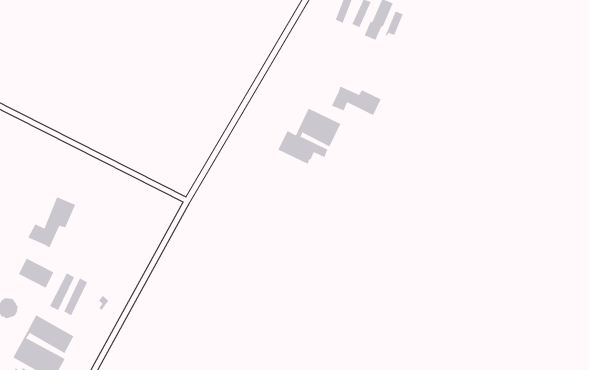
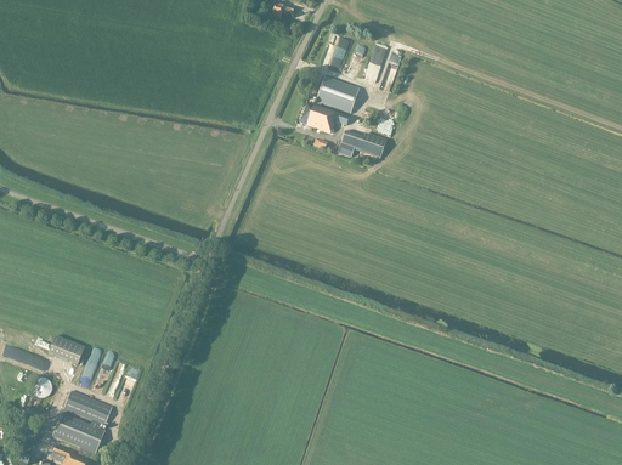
building: [278,108,341,165] -> [299,76,358,132]
building: [28,197,76,249] -> none

